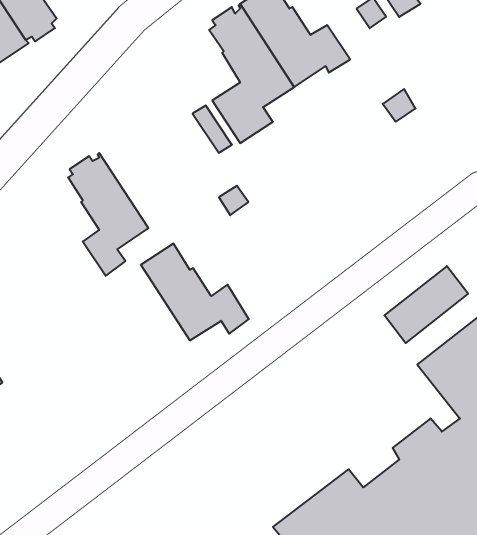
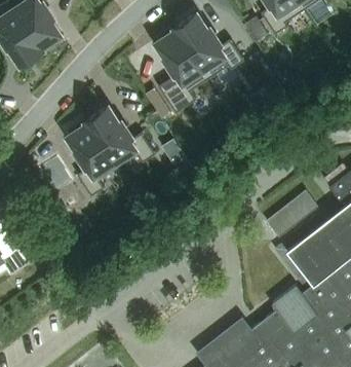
building: [141,244,249,340] -> [87,106,155,167]

